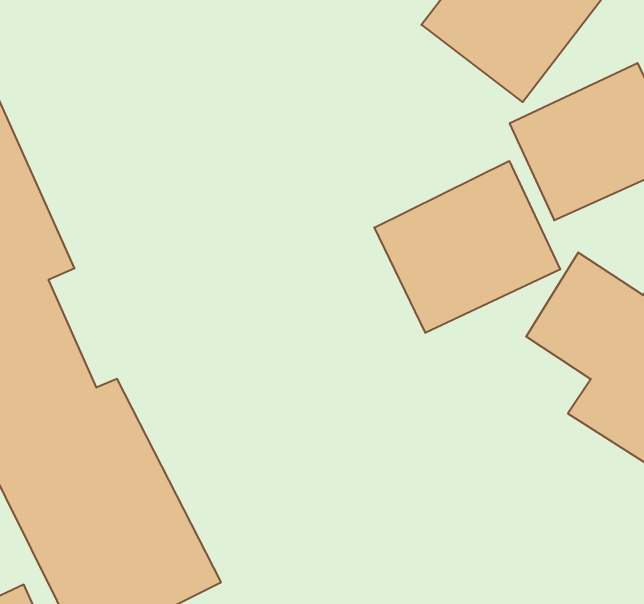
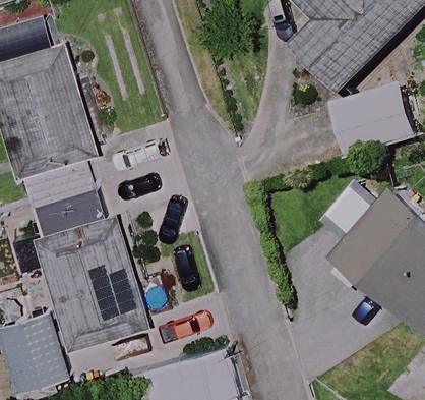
building: [374,161,560,333] -> none

